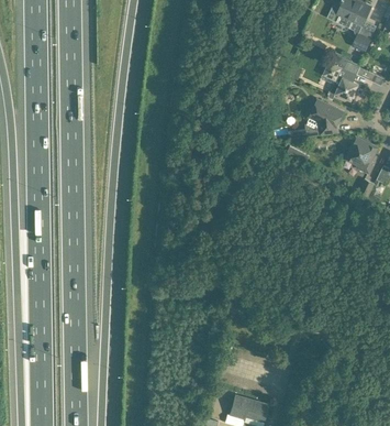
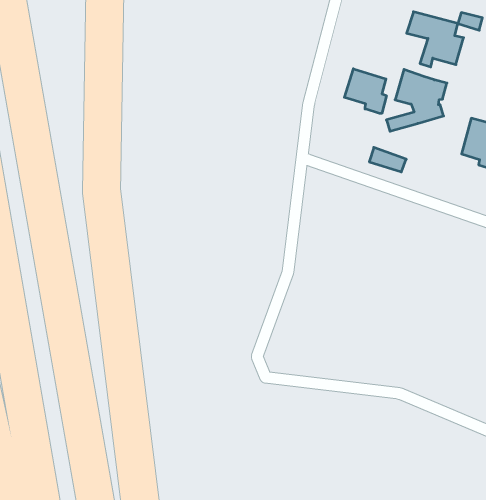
building: none -> [344,69,386,113]

